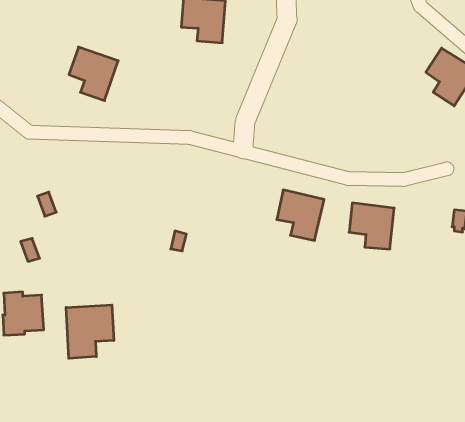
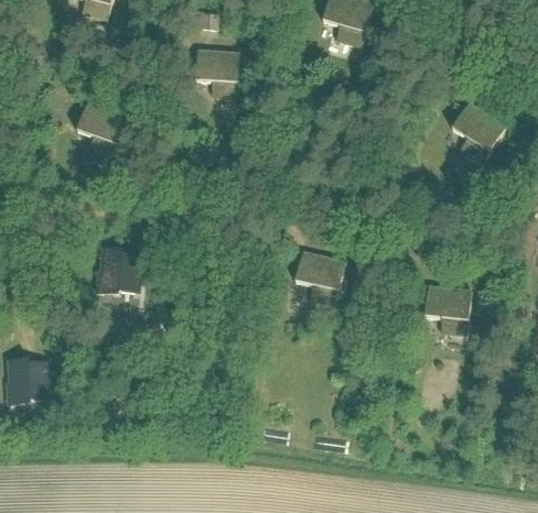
building: none -> [97,245,142,292]
building: [349,203,394,249] -> [424,284,472,332]
building: [66,305,114,358] -> none

